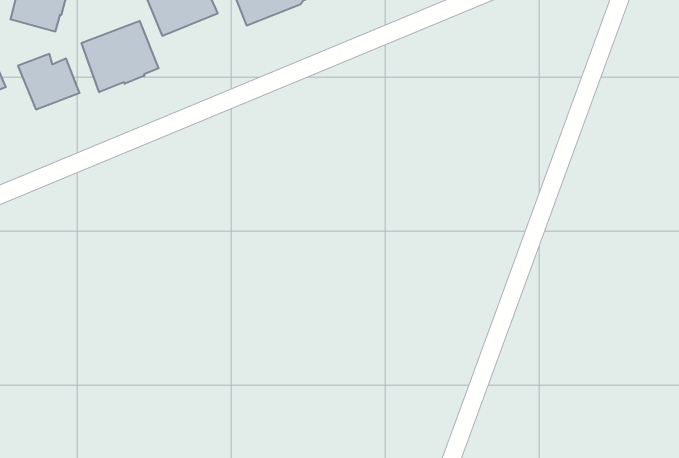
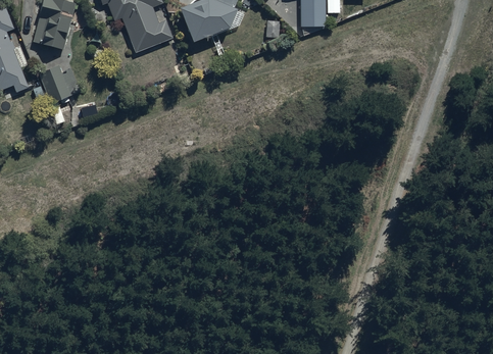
building: [82,21,159,92] -> none

